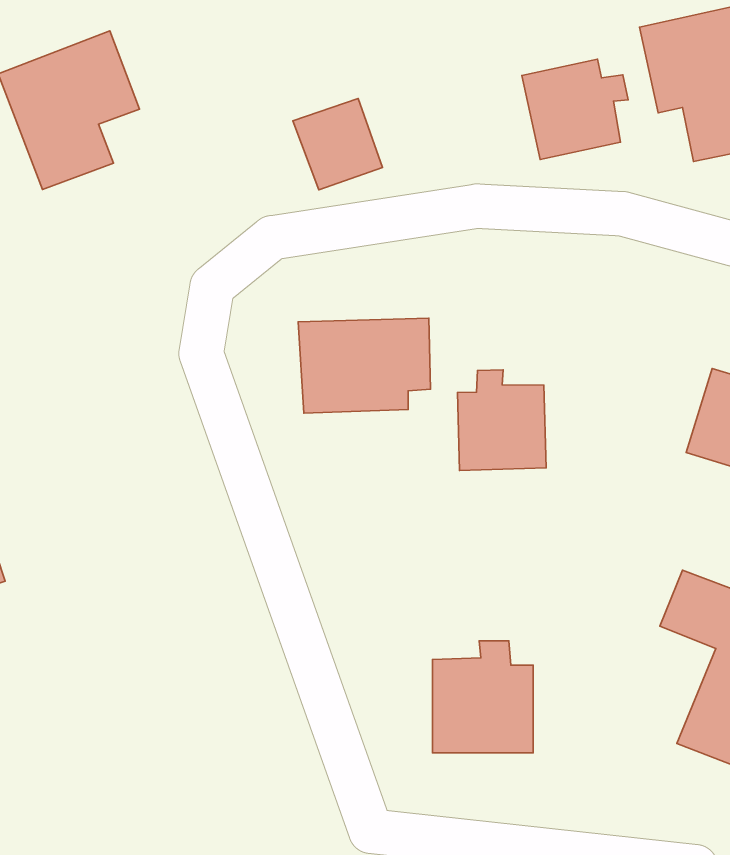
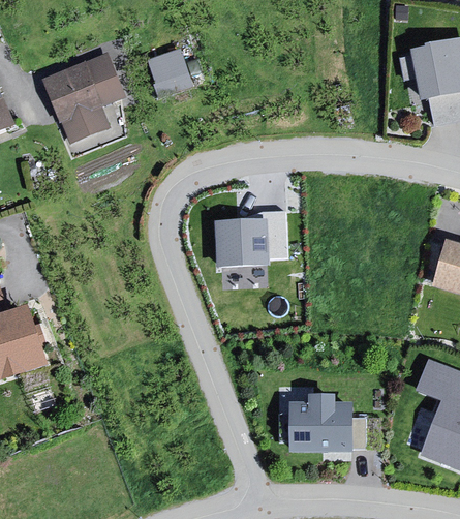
building: [522,59,628,160] -> none
building: [293,99,382,190] -> [144,49,193,99]
building: [457,370,546,470] -> none

